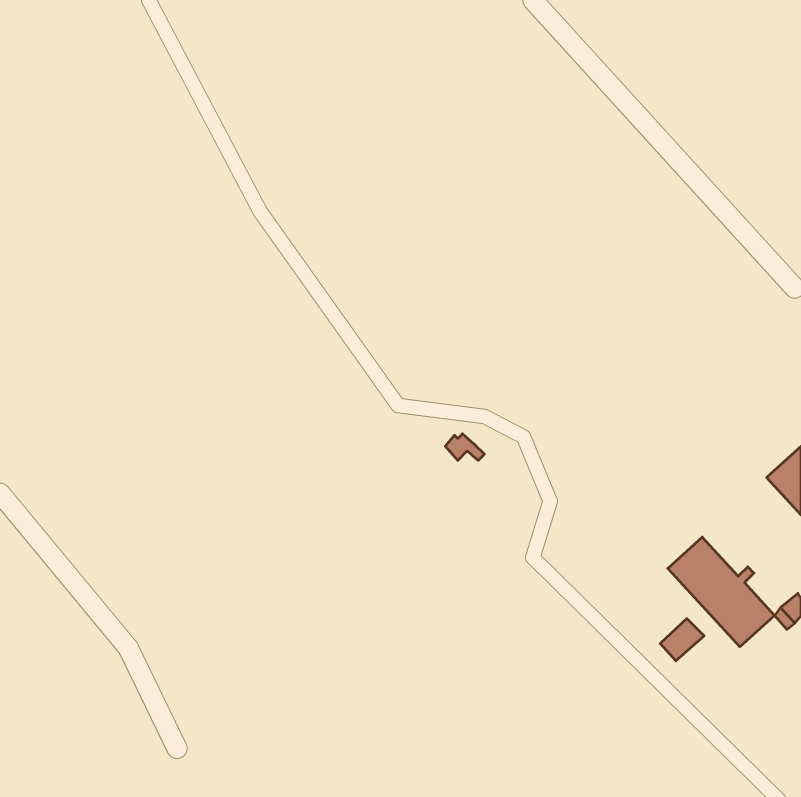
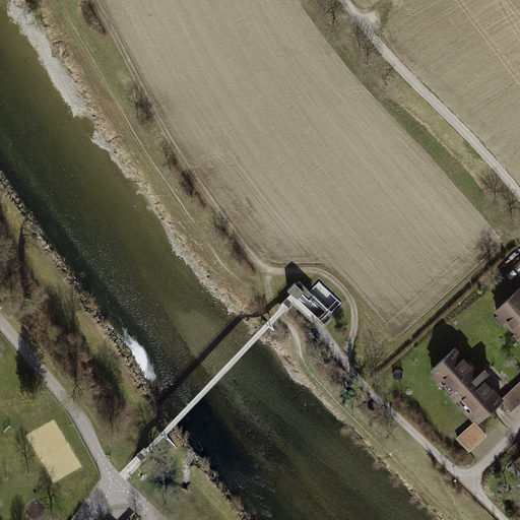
building: [660,619,704,661] -> [458,425,486,452]

